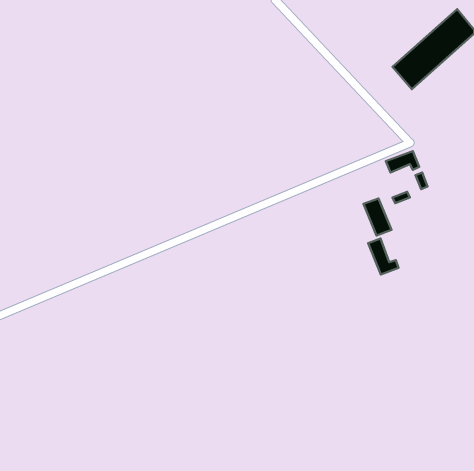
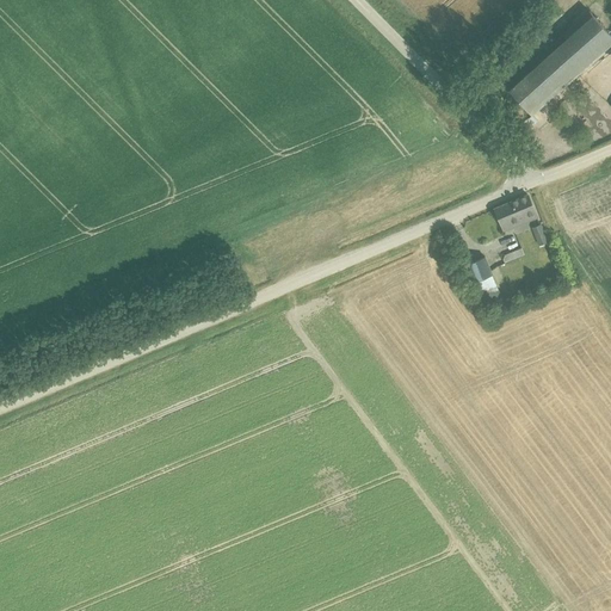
building: [368,239,399,275] -> none

